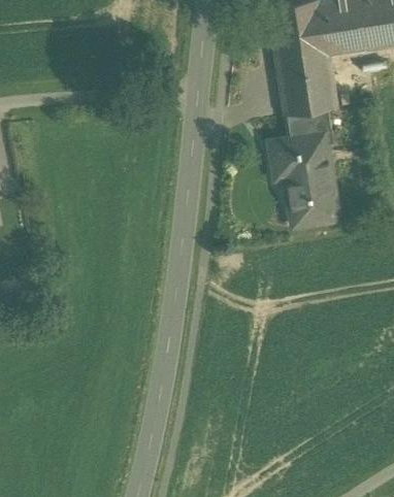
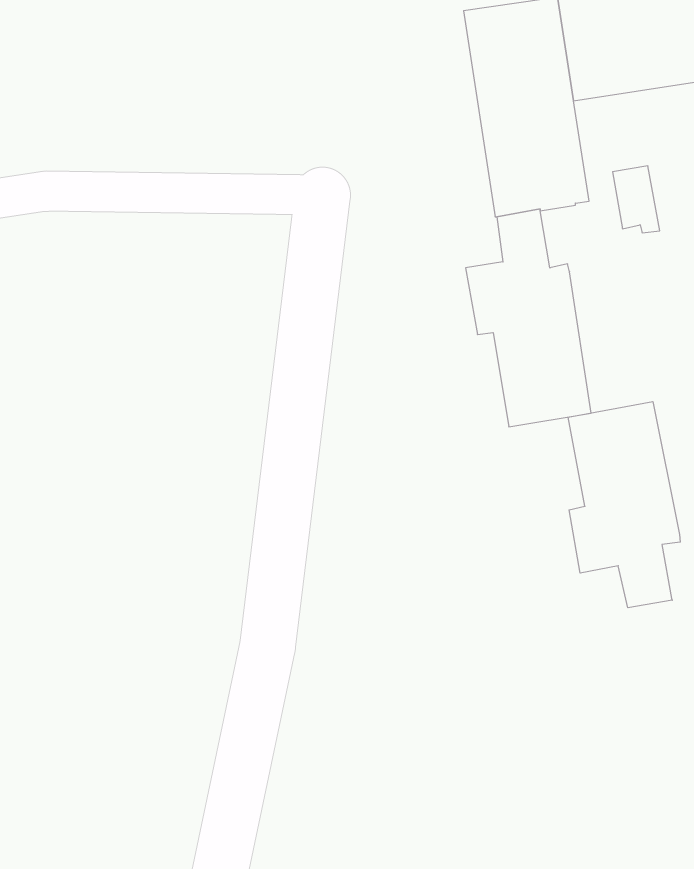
building: [309,112,334,147] -> [613,166,660,233]
building: none -> [568,402,680,608]

